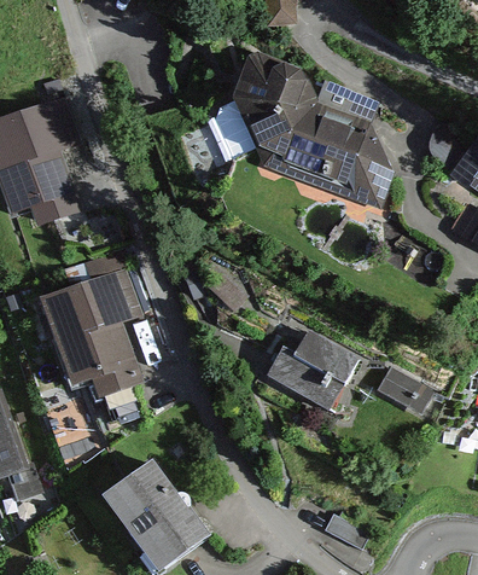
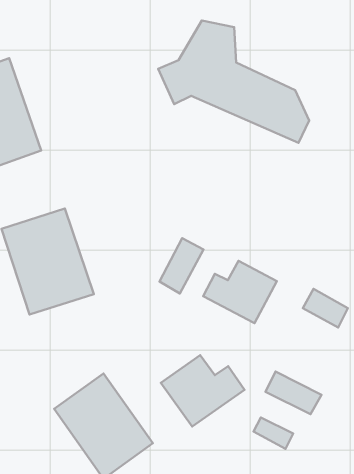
building: none -> [159,238,203,294]
building: none -> [161,355,245,427]
building: none -> [265,372,321,414]

